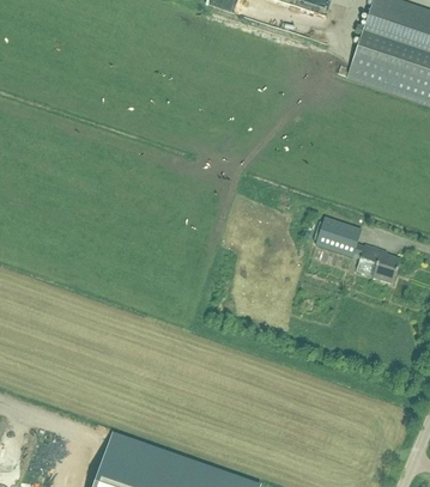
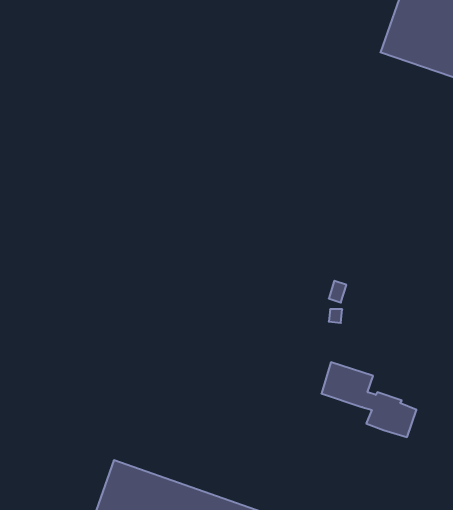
building: [315,217,399,282] -> [321,362,417,437]

